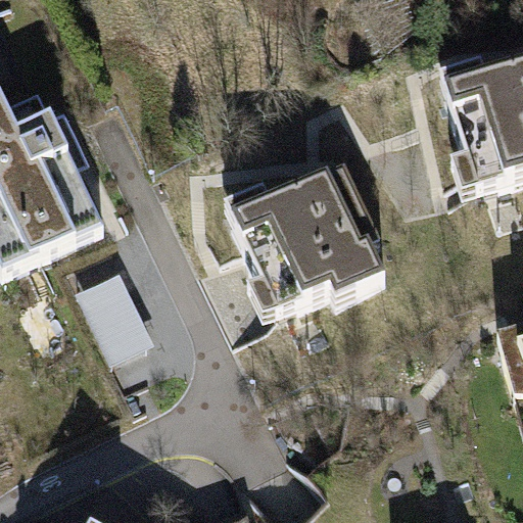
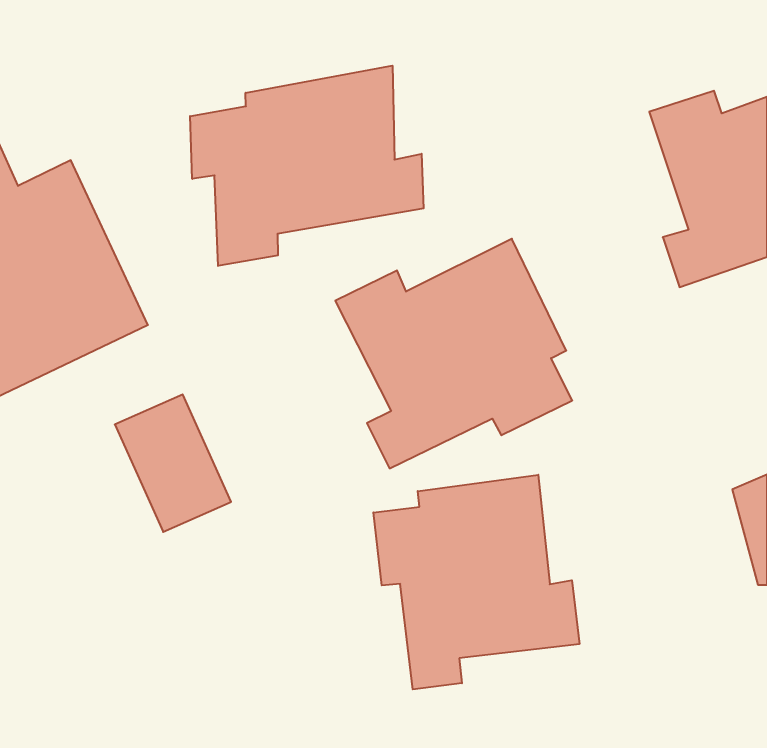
building: none -> [190,66,424,266]
building: none -> [373,475,579,689]

